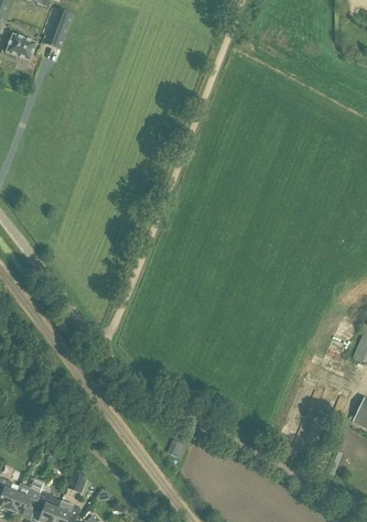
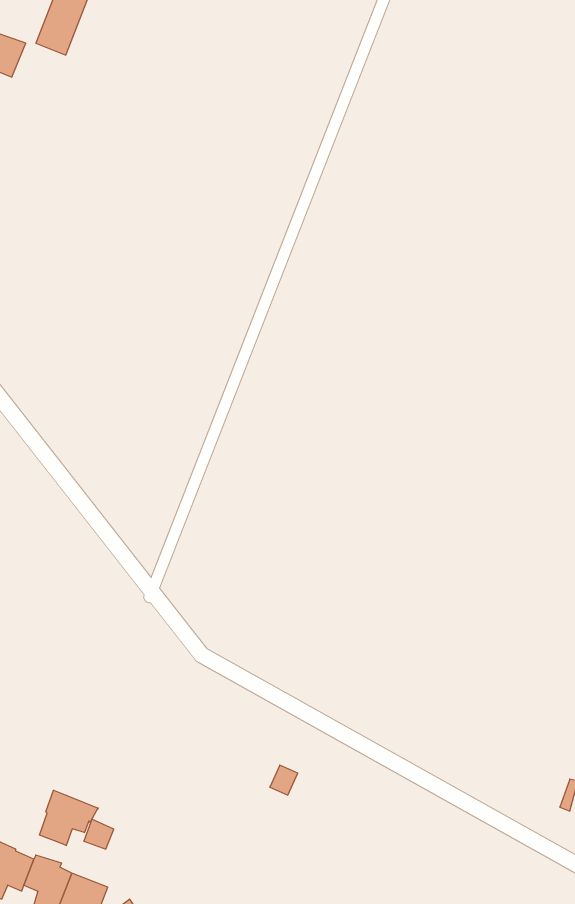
building: none -> [40,790,98,846]

